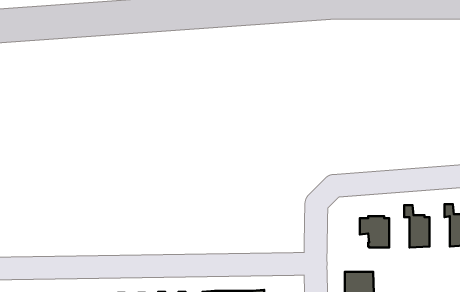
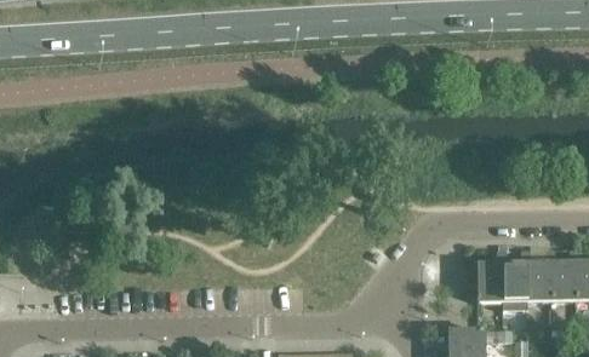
building: none -> [545,251,576,301]
building: none -> [497,252,527,303]

